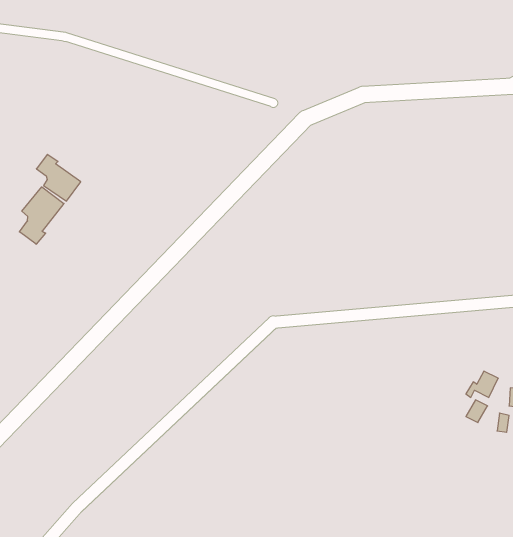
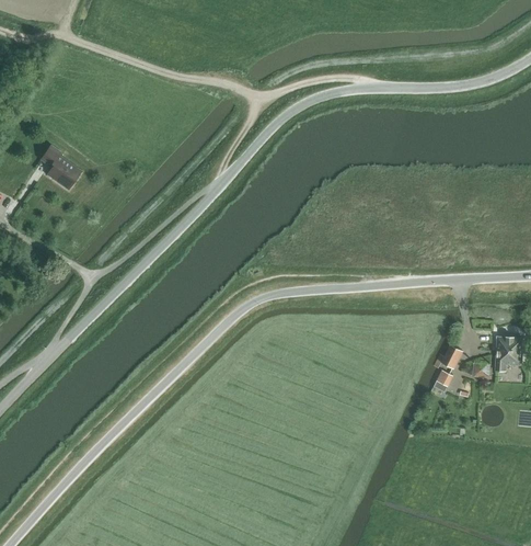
building: [19,187,64,244] -> none

